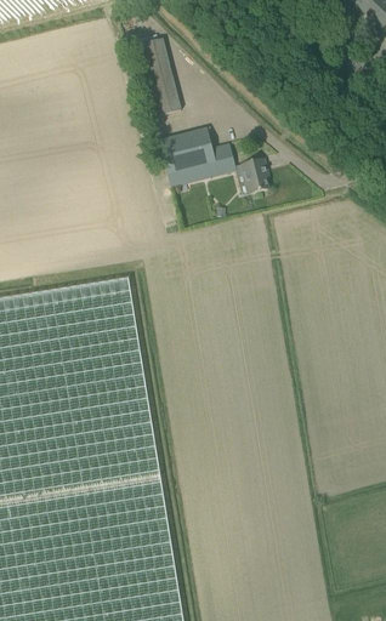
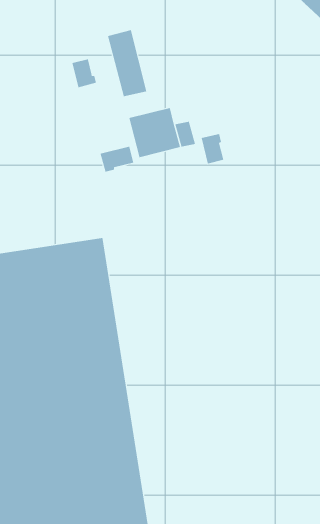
building: none -> [72,59,96,88]
building: none -> [100,146,134,173]

